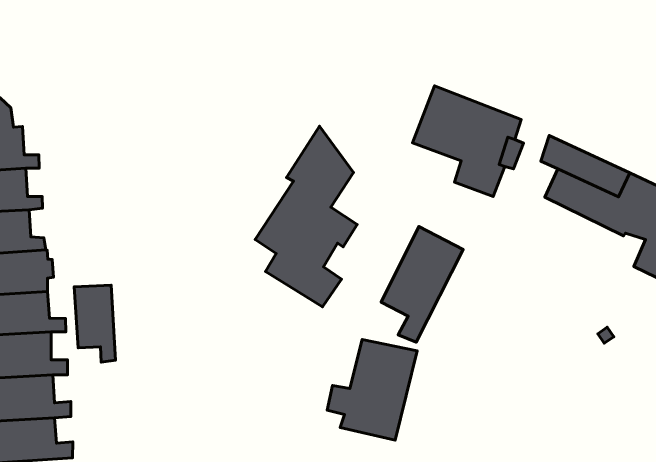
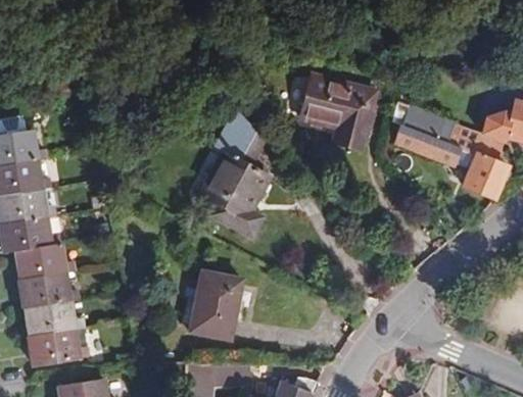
building: [381,226,463,342] -> none
building: [74,285,116,362] -> none
building: [327,340,417,440] -> [182,272,240,340]

